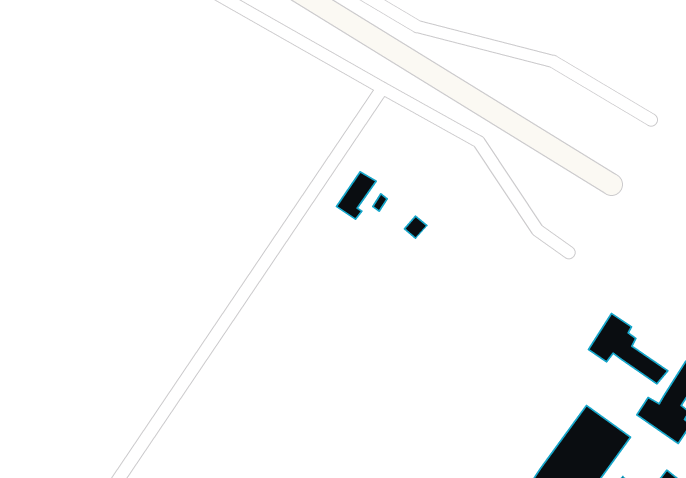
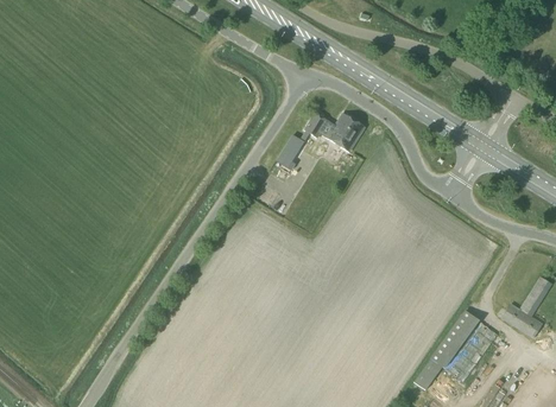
building: none -> [304,113,364,151]
building: [589,314,668,384] -> none

